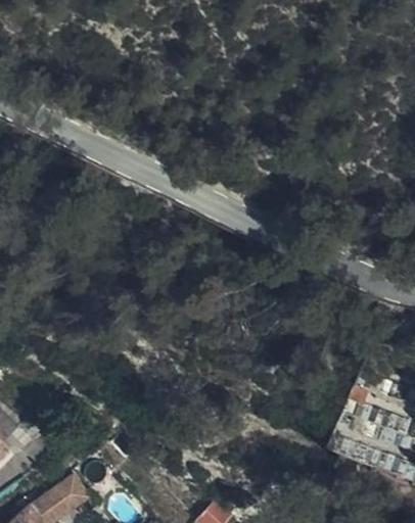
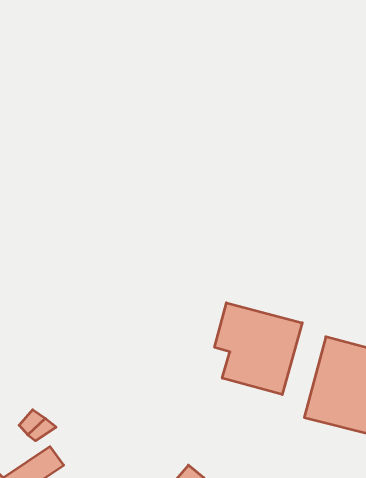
building: none -> [215,303,302,395]

